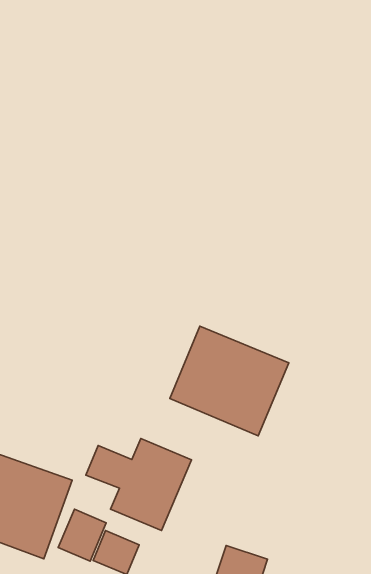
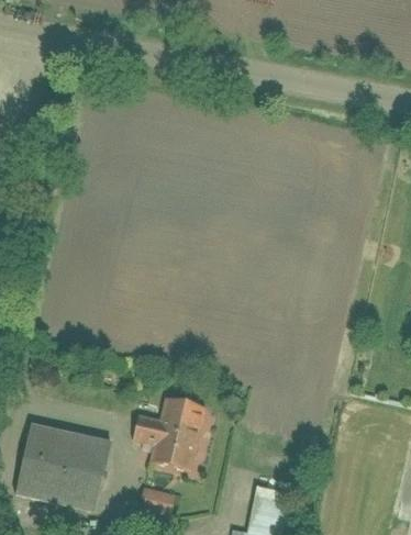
building: [170,326,289,436] -> none
building: [58,509,106,561] -> none

